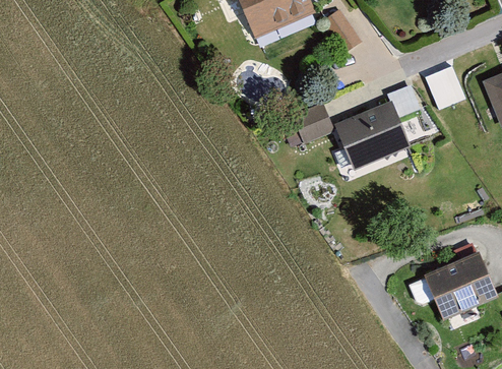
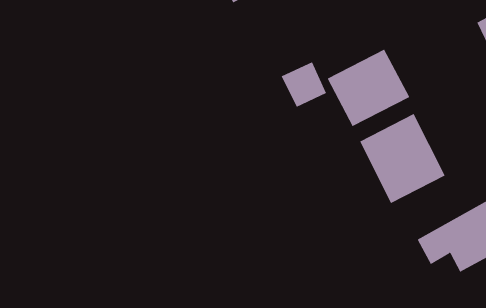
building: [428,64,465,107] -> none
building: none -> [359,113,446,204]

